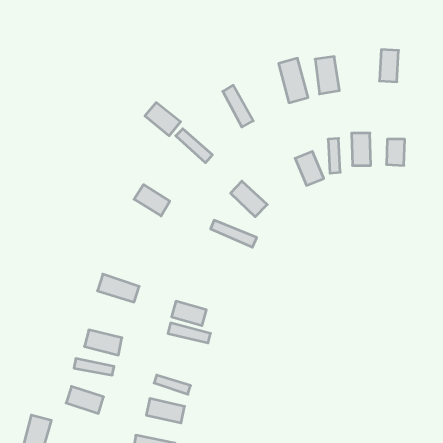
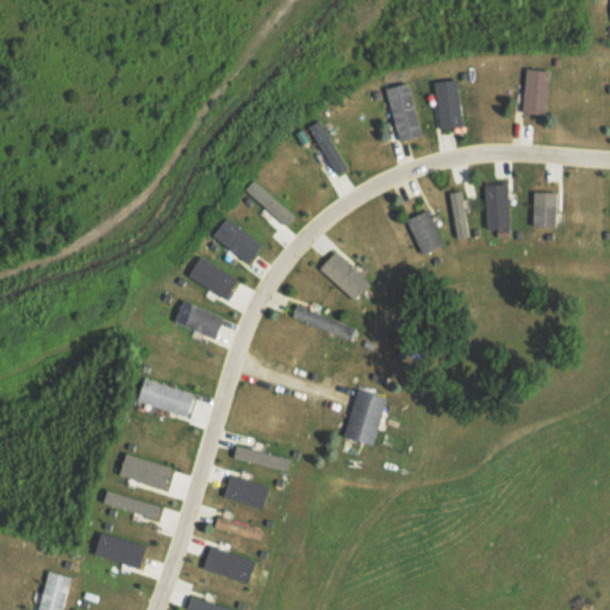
building: [145,103,181,136] -> [212,217,261,262]
building: none -> [172,299,222,338]
building: none -> [344,390,384,444]
building: [172,301,206,326] -> [222,475,269,509]

